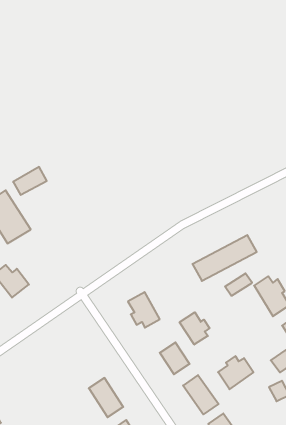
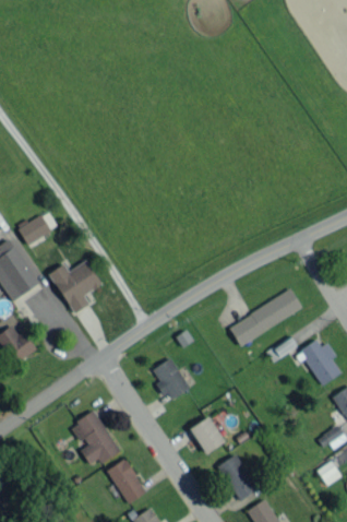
building: none -> [50,260,101,313]
building: [180,312,210,345] -> none
building: none -> [72,411,120,464]
building: [218,356,253,389] -> none

